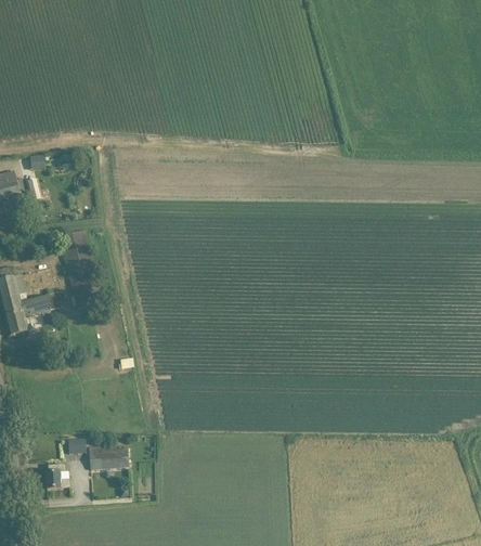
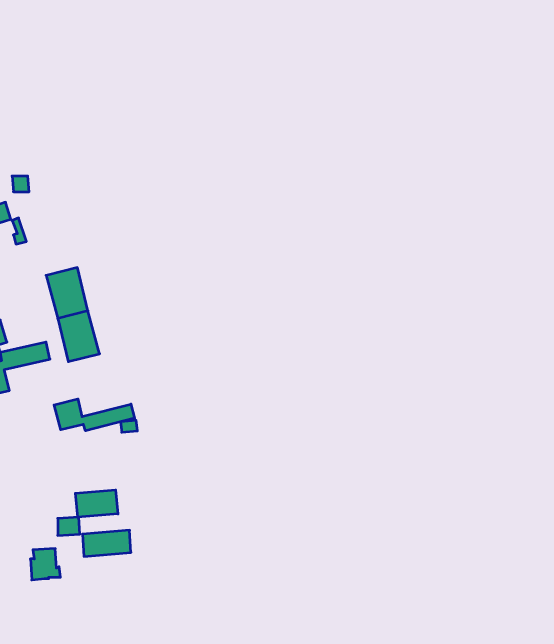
building: none -> [54,399,135,431]
building: none -> [75,490,118,517]

